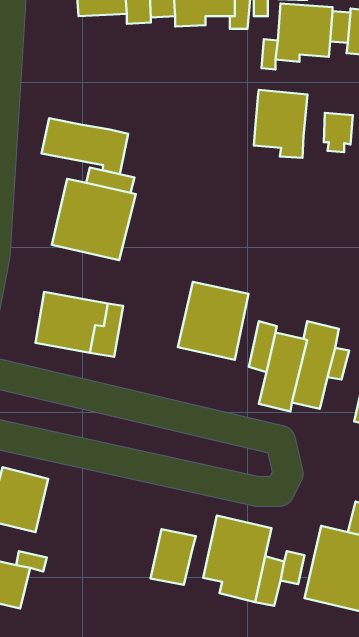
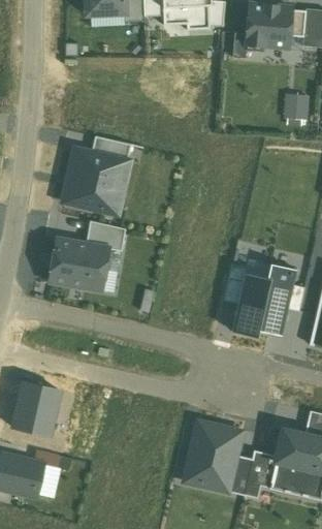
building: [254,90,308,158] -> none
building: [41,118,128,174] -> none
building: none -> [85,222,126,251]
building: [178,282,248,360] -> none
building: [151,529,196,585] -> none

